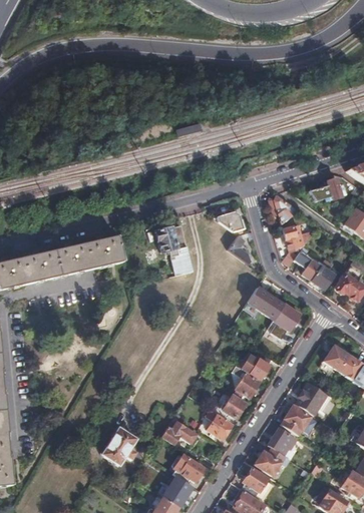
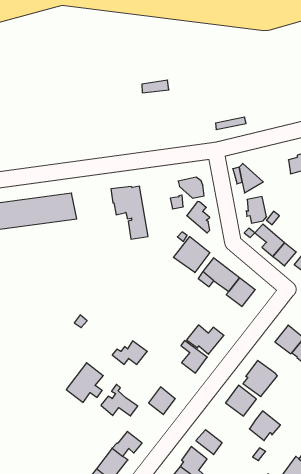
building: none -> [173,237,210,273]
building: [214,395,247,418] -> [112,341,147,364]
building: [103,427,137,465] -> [66,363,103,402]
building: [268,427,297,455] -> [249,411,280,441]

